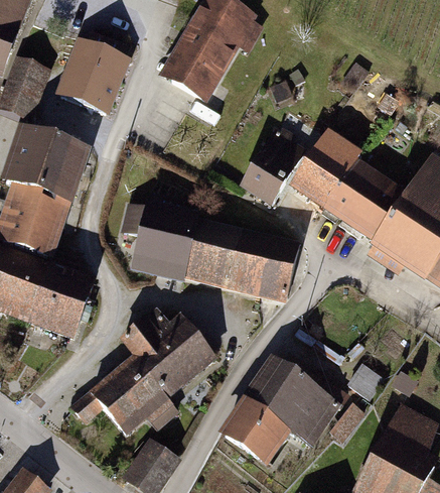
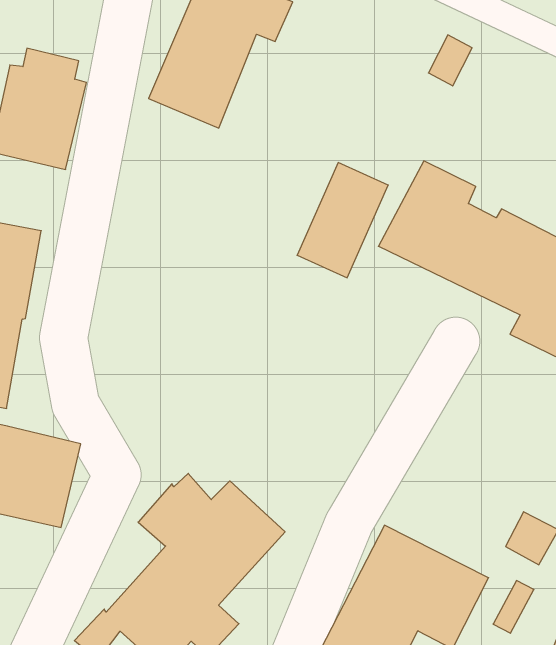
building: [123,206,299,296] -> none

